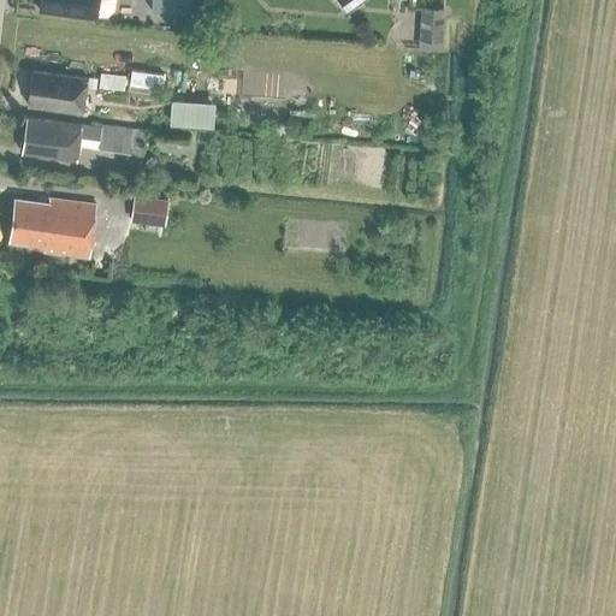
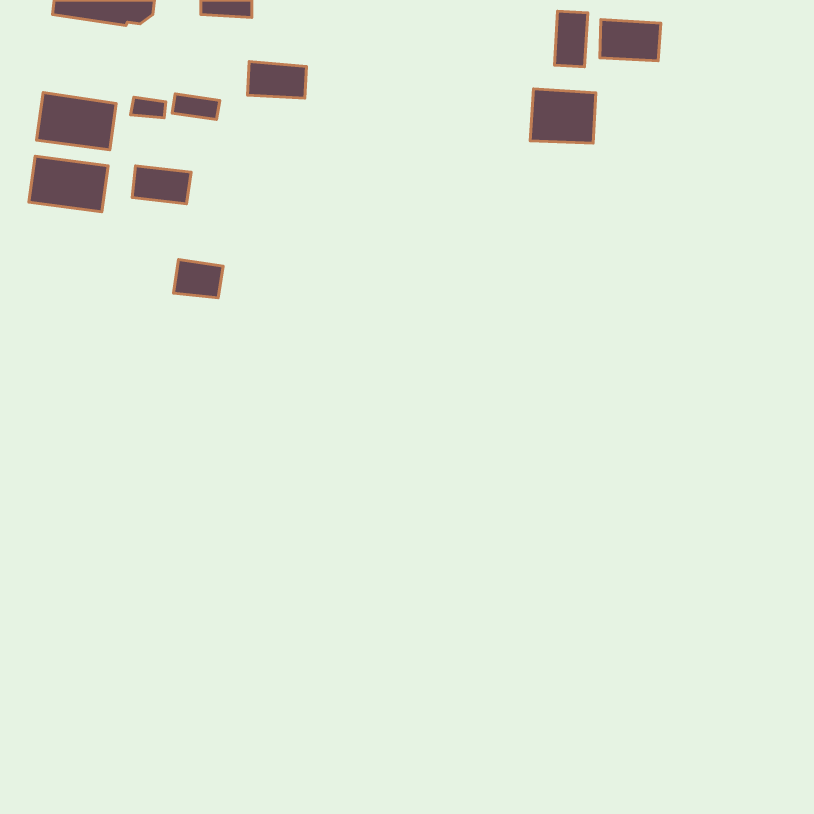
building: none -> [600,20,661,61]
building: none -> [530,89,596,143]
building: [170,100,214,128] -> [247,62,306,98]
building: [10,199,96,257] -> none

